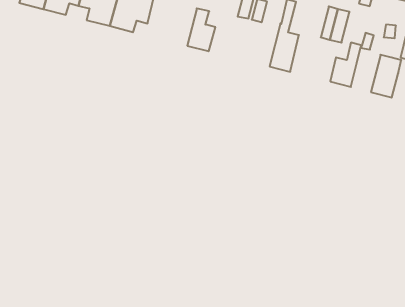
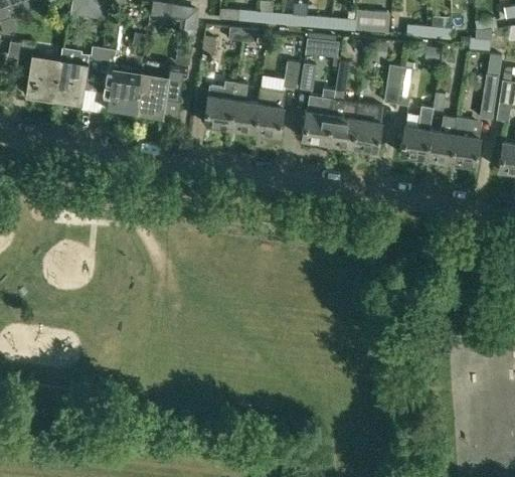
building: none -> [203,81,234,127]
building: none -> [253,87,285,134]
building: none -> [302,89,335,142]
building: none -> [352,102,383,150]
building: none -> [425,116,457,161]

